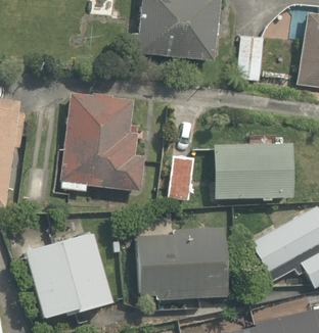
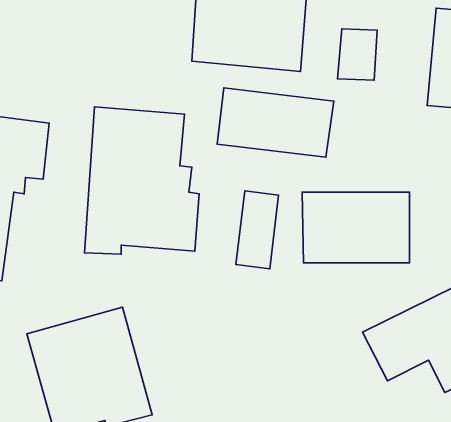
building: none -> [217,88,334,157]
building: [137,216,224,297] -> none

